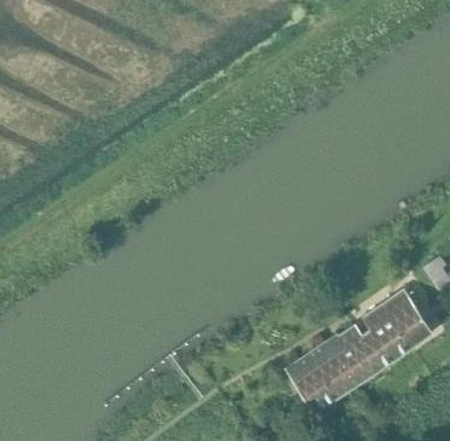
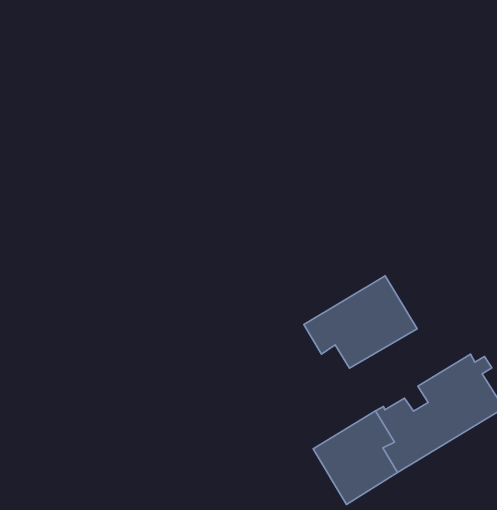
building: none -> [304,276,417,368]

